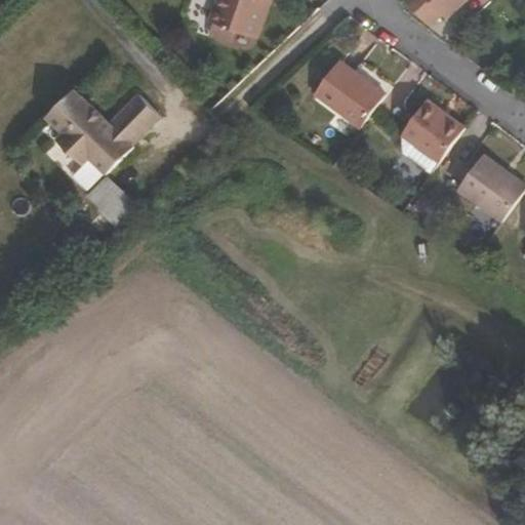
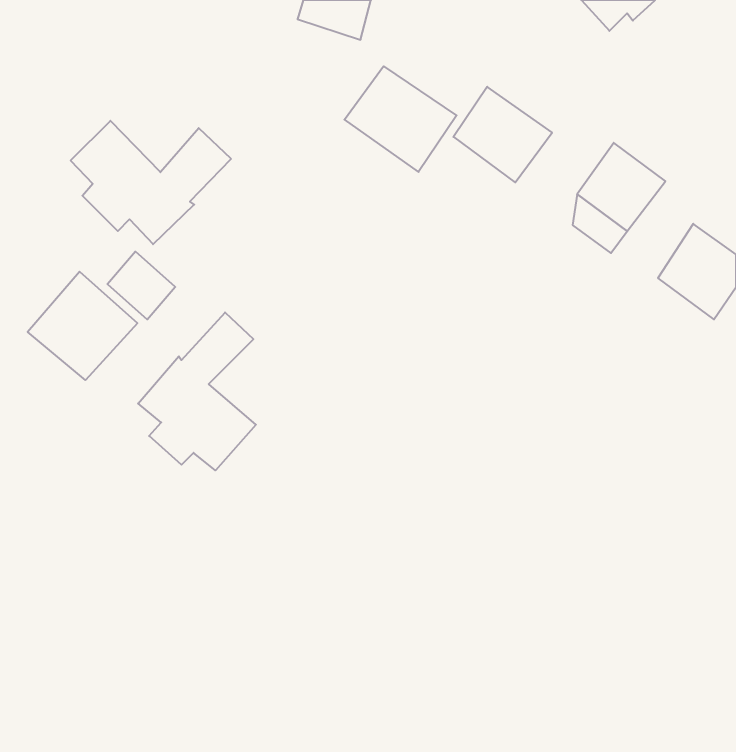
building: none -> [344,66,457,172]
building: none -> [28,272,137,380]
building: none -> [138,312,256,470]

